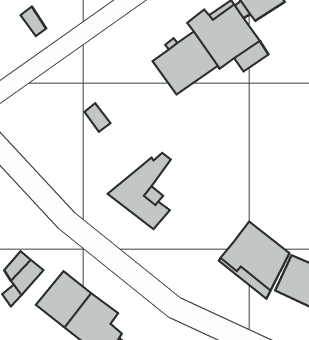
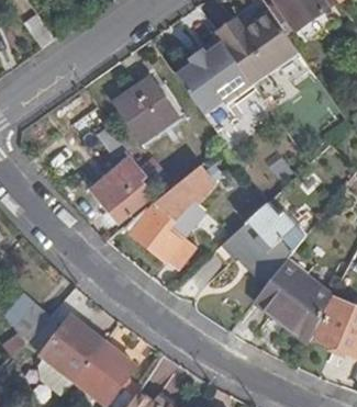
building: none -> [113,77,178,143]
building: none -> [92,156,152,221]
building: none -> [222,203,304,283]

